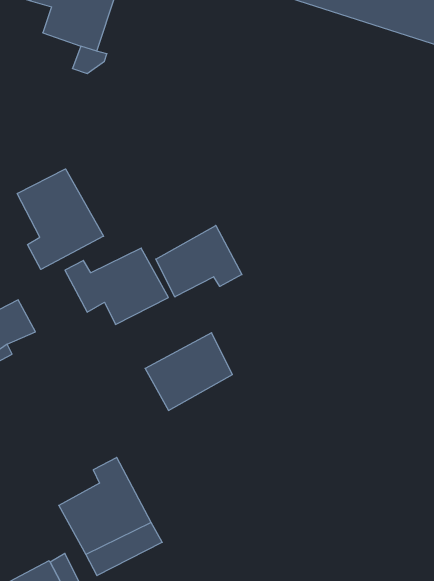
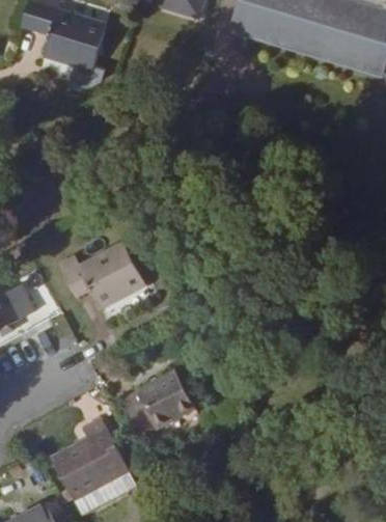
building: [17,169,104,269] -> none
building: [156,225,242,297] -> none
building: [145,333,232,410] -> [122,367,196,433]

